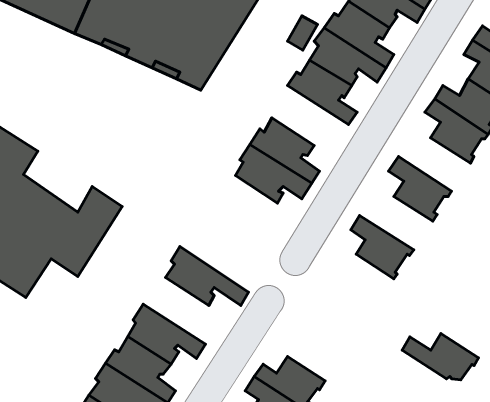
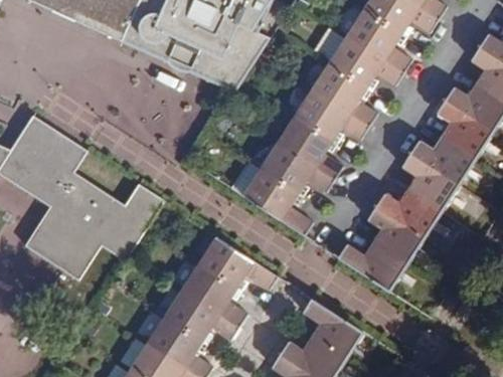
building: none -> [297,88,366,143]
building: none -> [411,136,477,184]
building: none -> [230,160,312,234]
building: none -> [376,189,443,237]
building: none -> [180,262,244,323]
building: none -> [300,296,356,356]
building: [402,333,479,380] -> [338,241,407,284]

